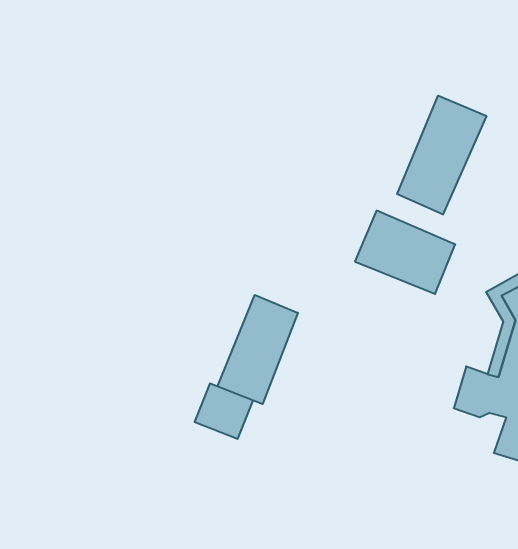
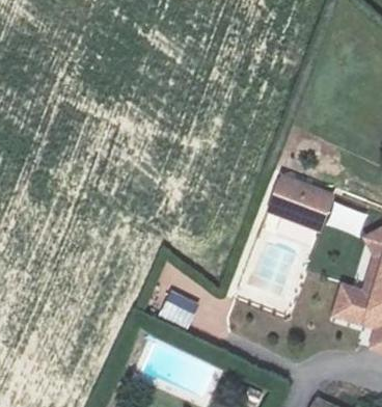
building: [397,96,486,215] -> none
building: [218,295,298,404] -> none

